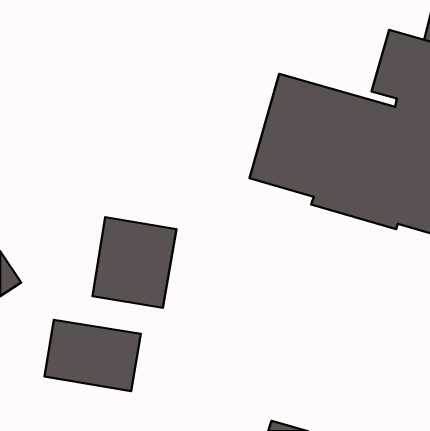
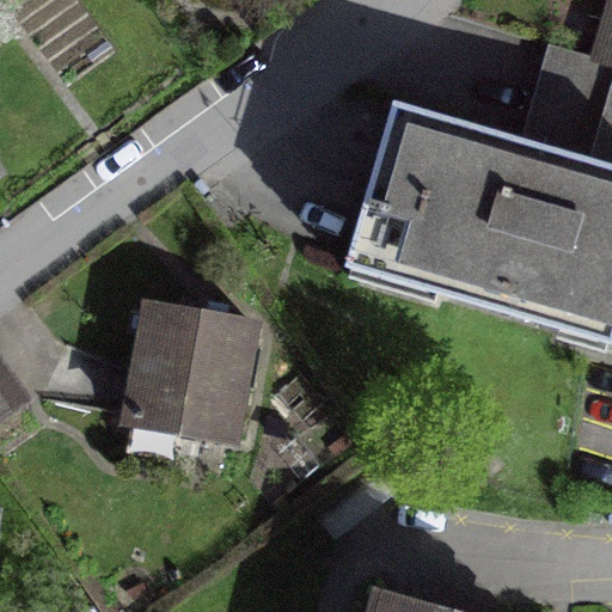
building: [44,320,141,391] -> none

